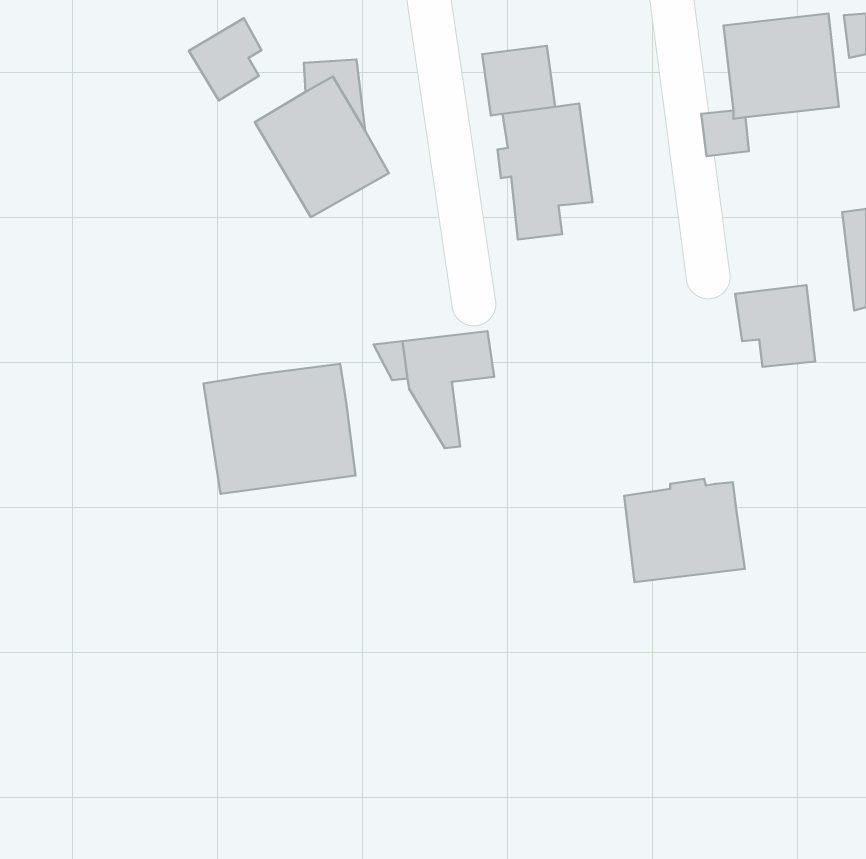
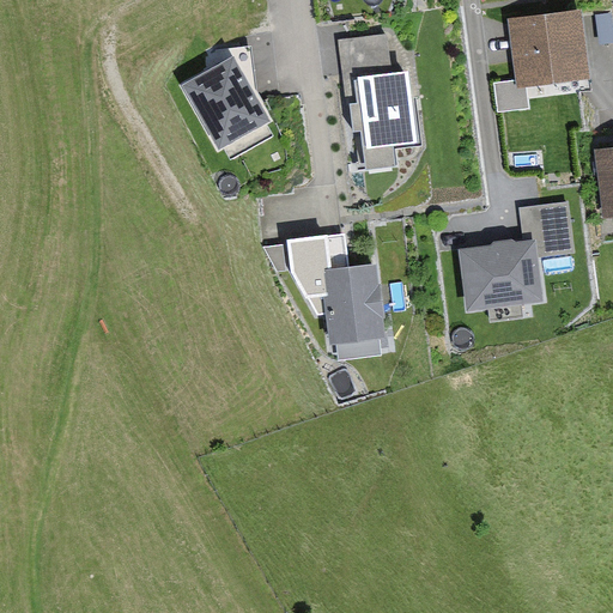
building: [189,18,262,101] -> none
building: [204,364,356,494] -> none
building: none -> [318,265,386,357]
building: [624,479,745,582] -> [459,237,544,310]

